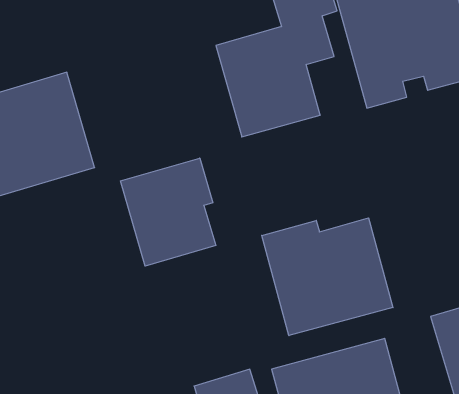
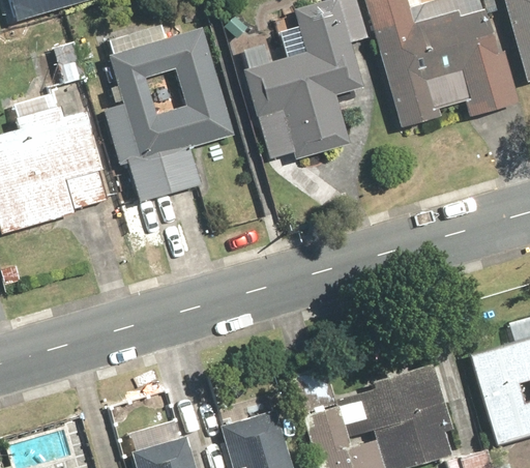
building: none -> [104,28,233,206]
building: [121,158,216,266] -> none
building: [262,218,393,336] -> none

